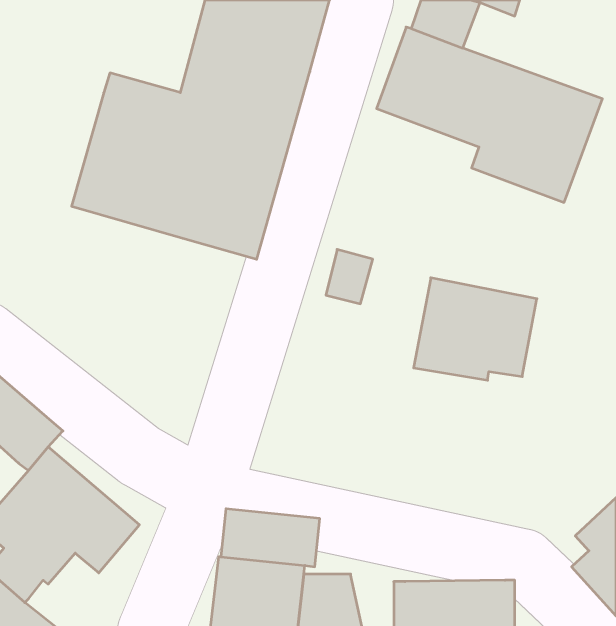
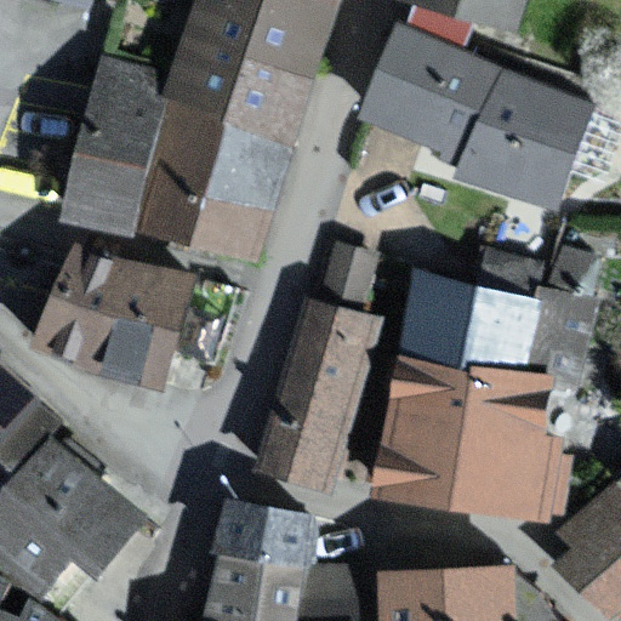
building: none -> [46,249,186,377]
building: none -> [258,301,368,482]
building: none -> [387,366,553,511]

